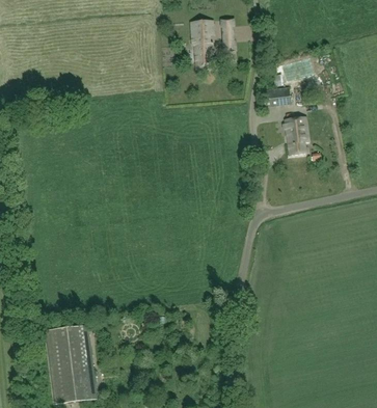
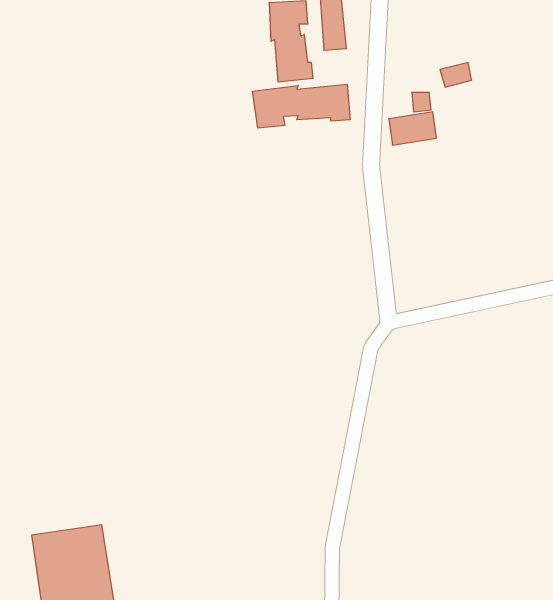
building: none -> [253,84,350,128]
building: [278,113,304,152] -> none

